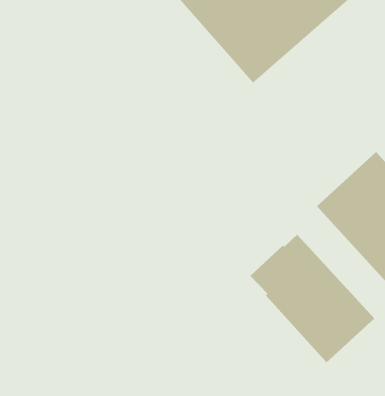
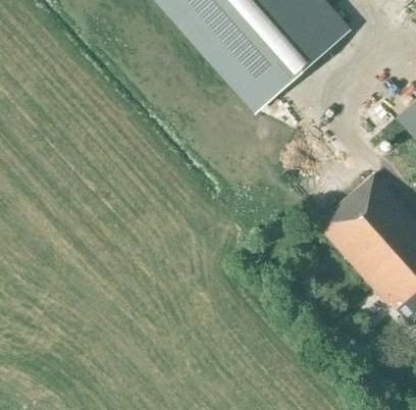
building: [249,234,375,363] -> none

